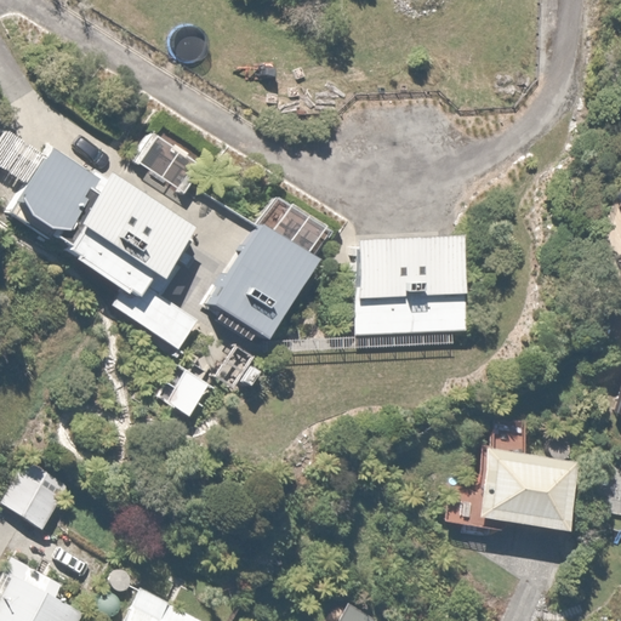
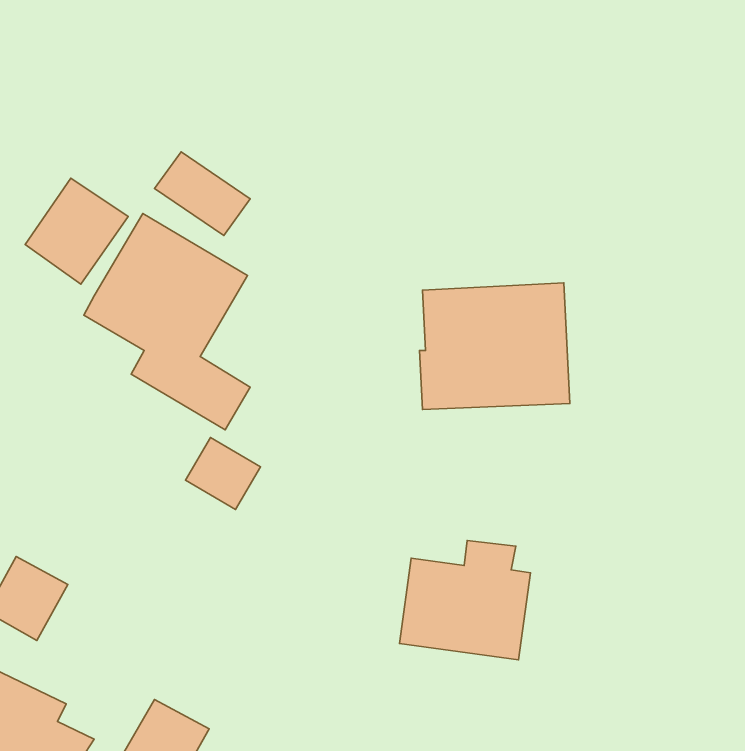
building: [204,201,323,346] -> none
building: [460,434,568,532] -> [399,540,530,660]

